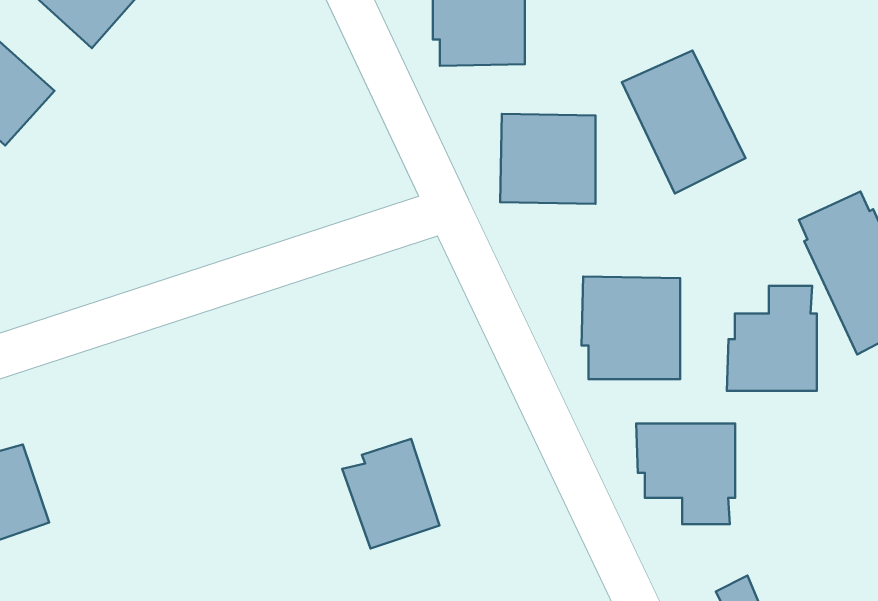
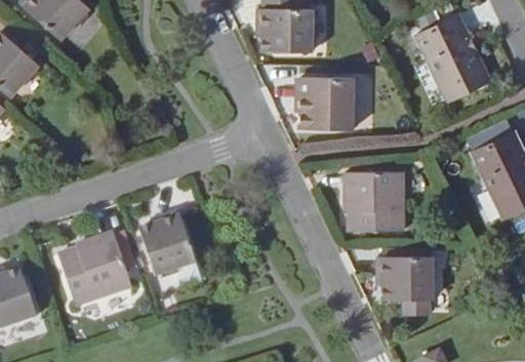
building: [622,50,745,194] -> [417,17,489,100]
building: [727,286,817,391] -> none
building: none -> [58,233,131,306]
building: [342,439,439,548] -> [139,212,196,276]

